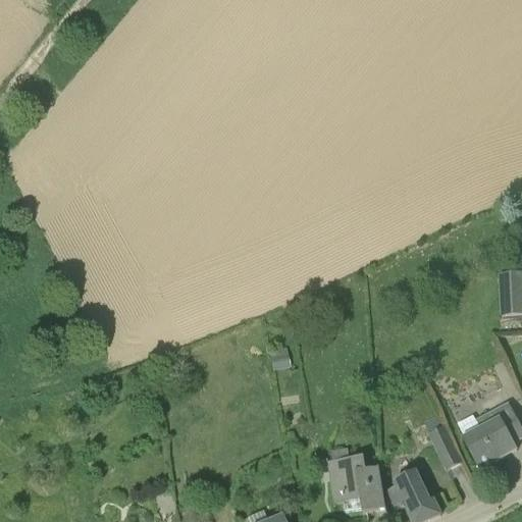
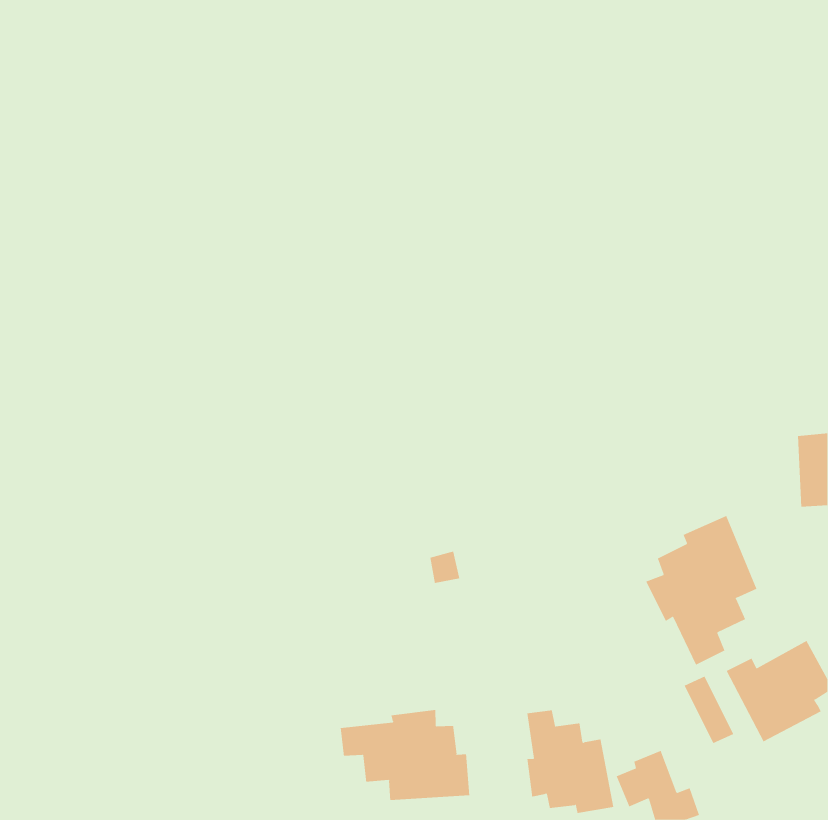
building: none -> [646,515,757,666]
building: none -> [340,709,470,801]

